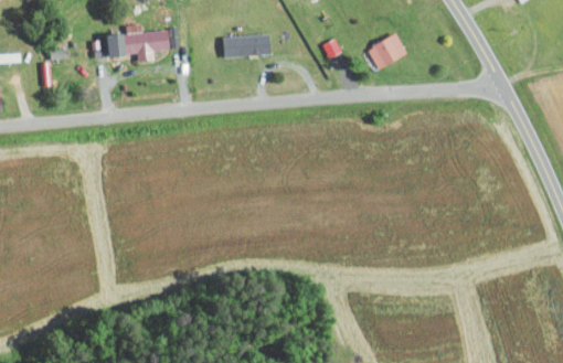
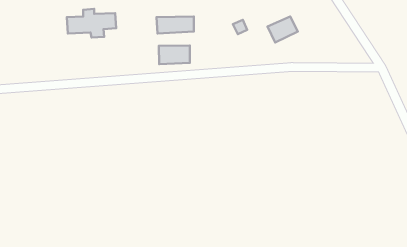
building: none -> [159,45,190,64]

